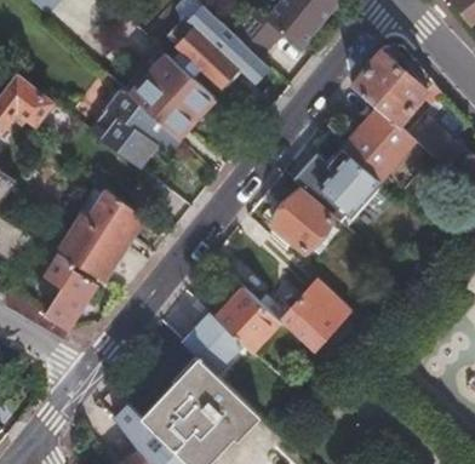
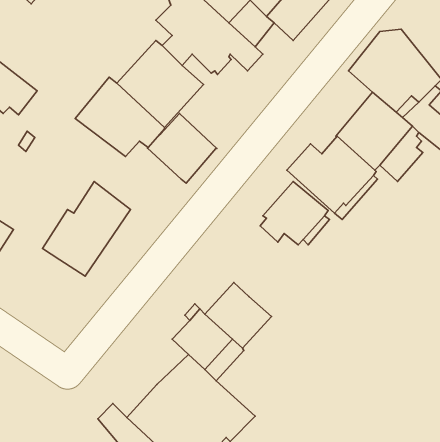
building: none -> [148,113,217,183]
building: [44,254,95,331] -> none
building: [257,276,349,350] -> none

